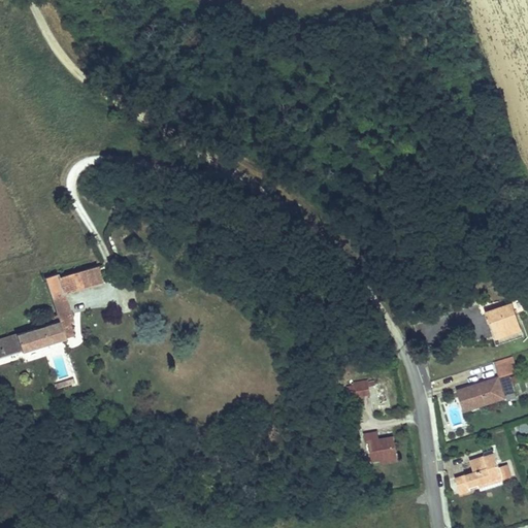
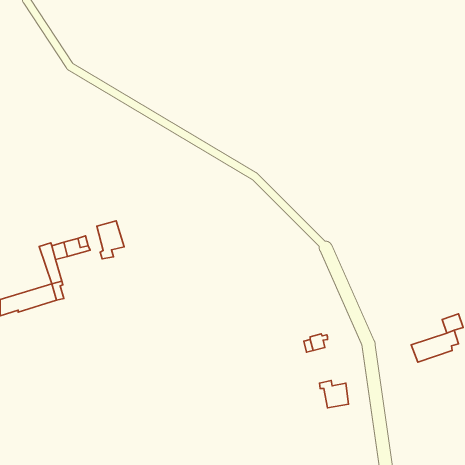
building: none -> [97,221,124,259]
building: [483,306,518,343] -> none
building: [464,448,512,488] -> none

